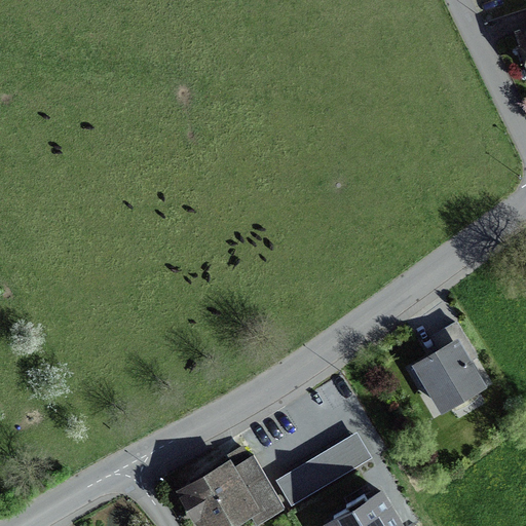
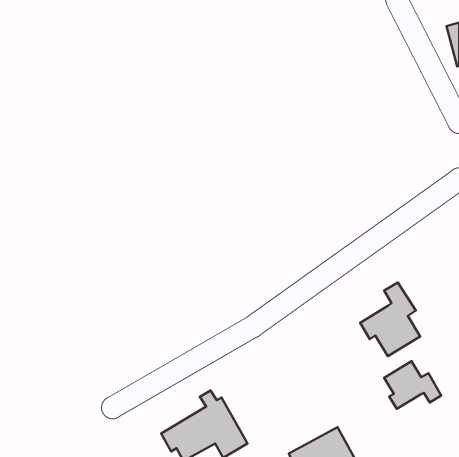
building: none -> [384,361,441,409]
building: [275,431,371,505] -> none

